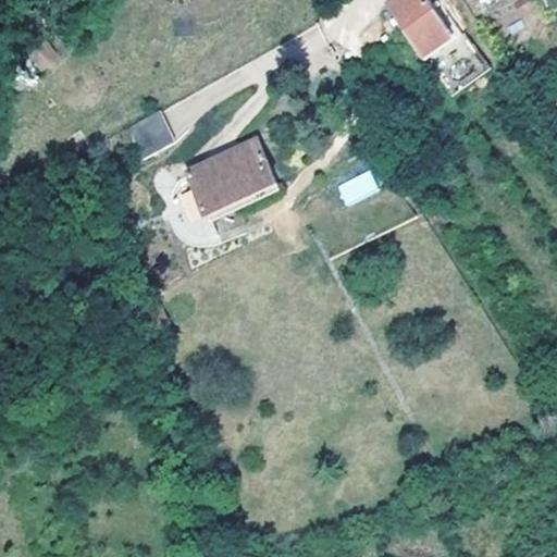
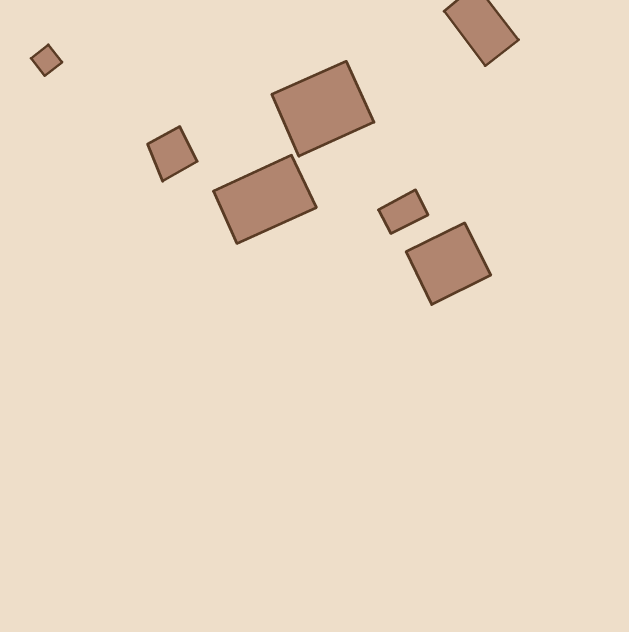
building: none -> [272,61,374,156]
building: none -> [406,223,491,305]

